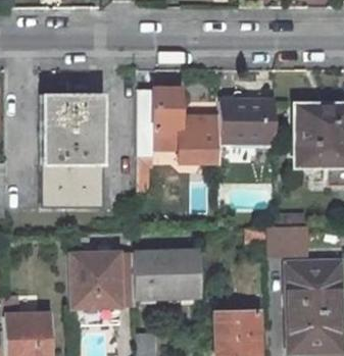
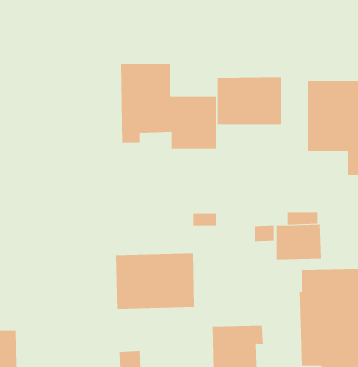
building: [42,94,103,207] -> none
building: [68,252,136,308] -> none

